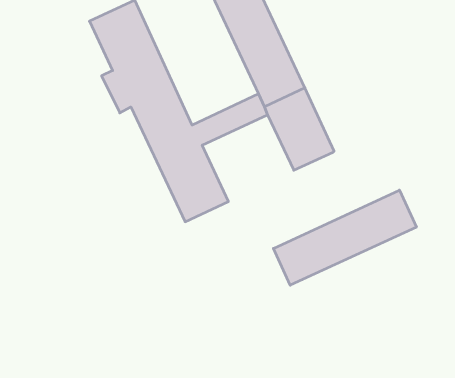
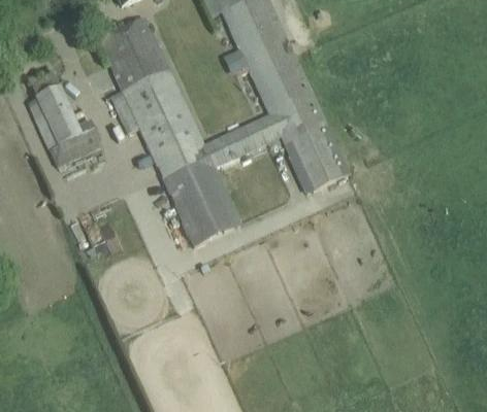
building: none -> [28,71,102,166]
building: [273,190,416,285] -> none

